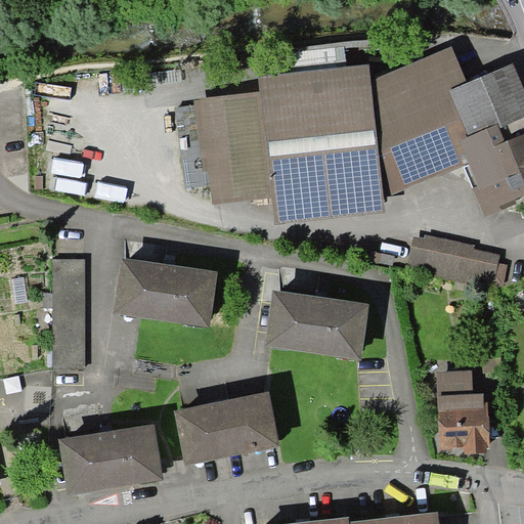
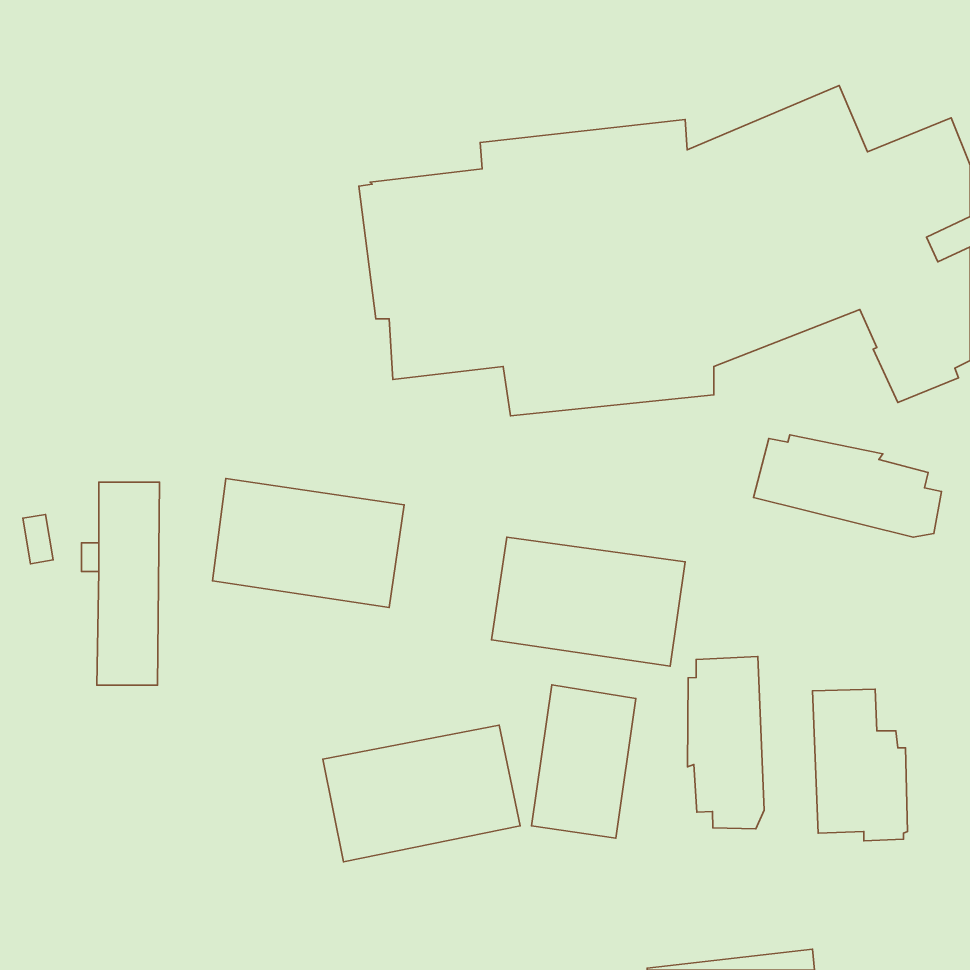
building: none -> [687,656,764,829]
building: none -> [531,685,636,838]
building: [59,424,164,494] -> none

